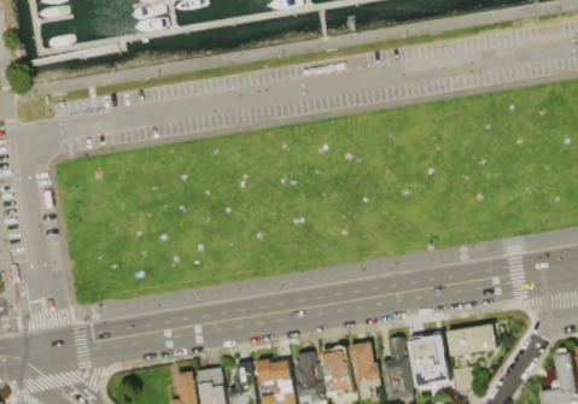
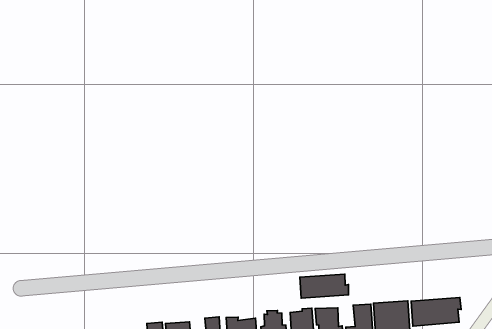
building: none -> [300,274,349,298]

